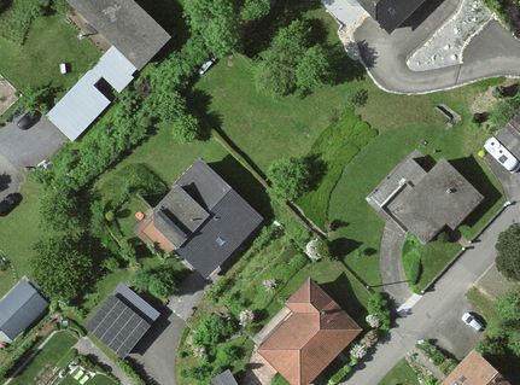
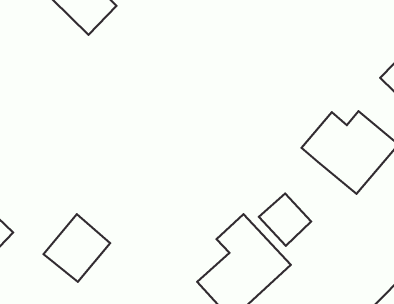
building: [134,163,261,276] -> none
building: none -> [259,193,311,246]

